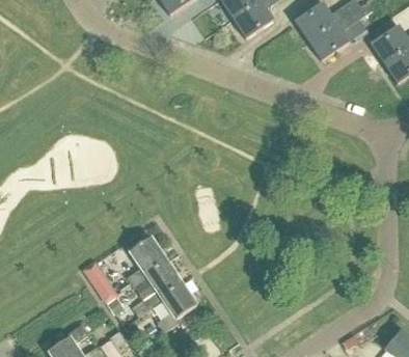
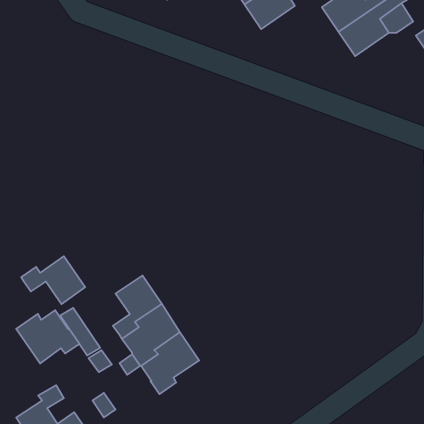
building: none -> [21,256,85,304]
building: none -> [16,310,79,364]

